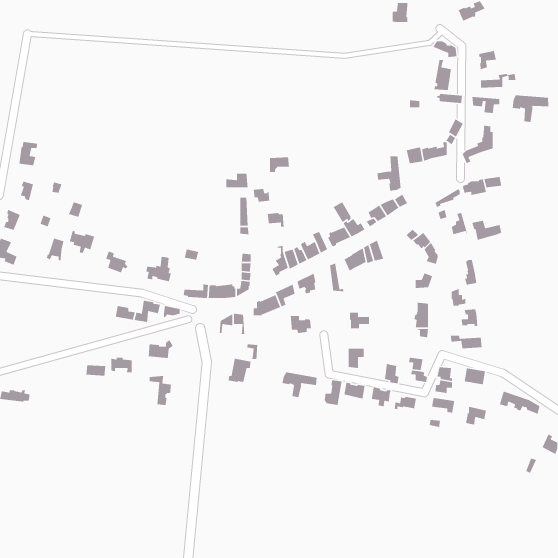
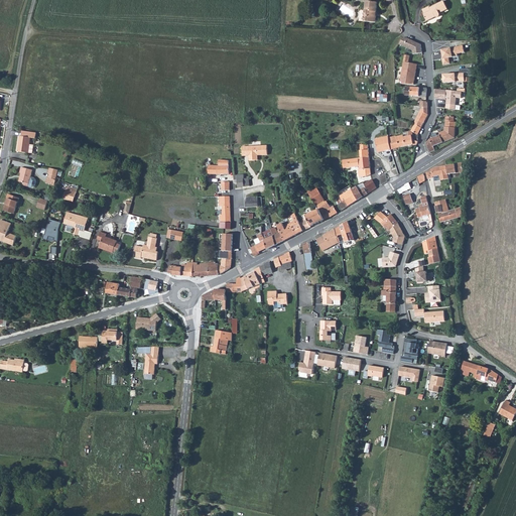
building: [512,94,549,123] -> none
building: [282,372,317,398] -> none

